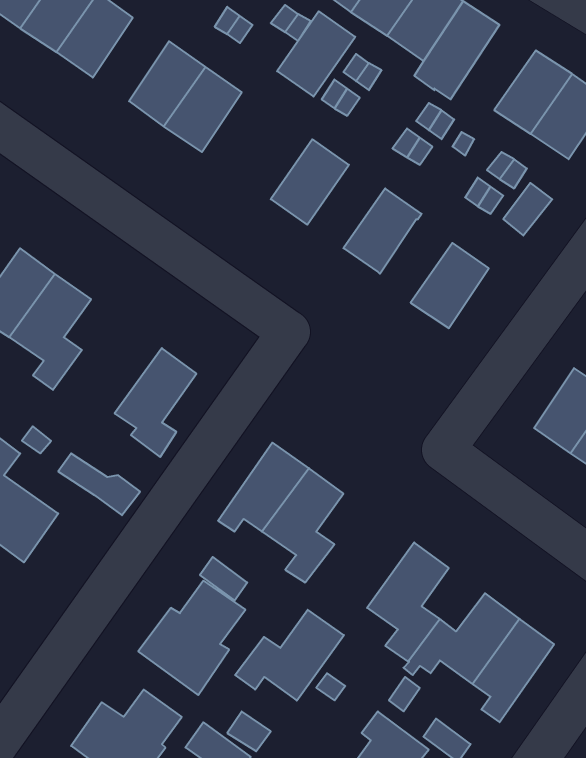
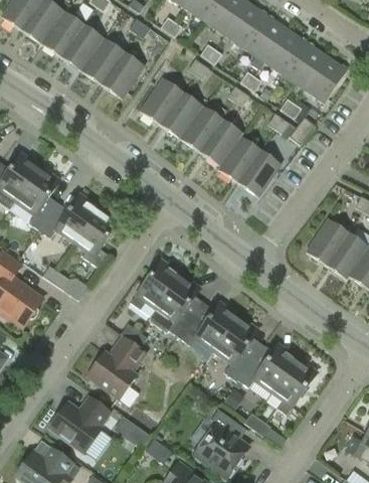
building: [277,11,355,97] -> [140,77,183,125]
building: none -> [61,24,104,70]
building: none -> [259,28,307,75]
building: none -> [180,106,223,152]
building: none -> [217,136,260,182]
building: none -> [39,193,100,244]
building: [235,610,344,701] -> [179,301,239,351]

